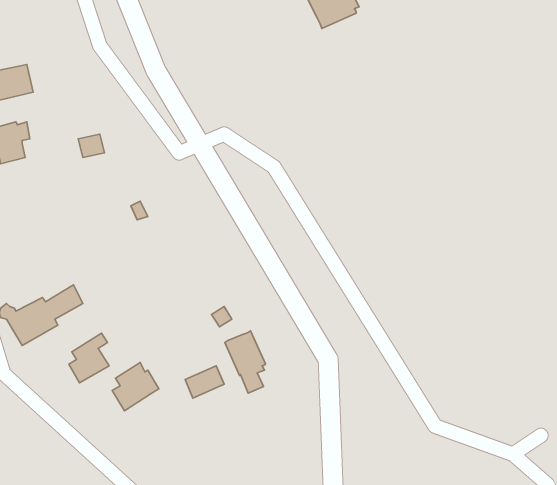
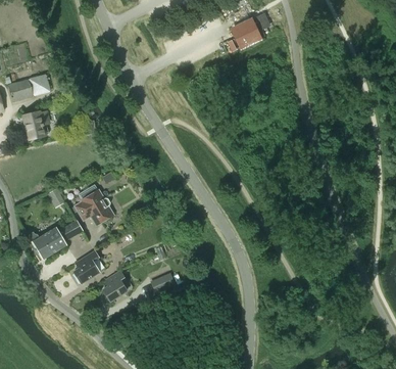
building: none -> [73,188,112,225]
building: [225,331,265,393] -> none

